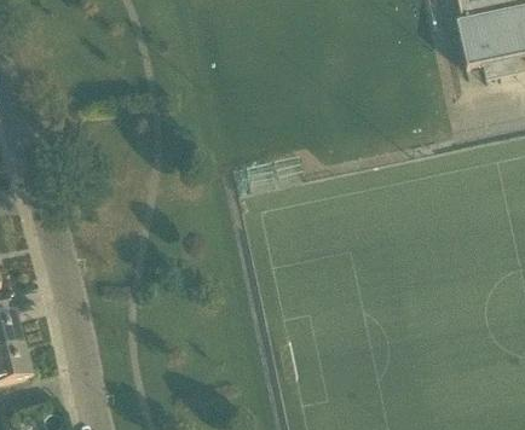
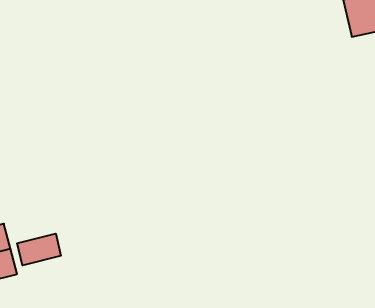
building: none -> [17,234,61,265]

